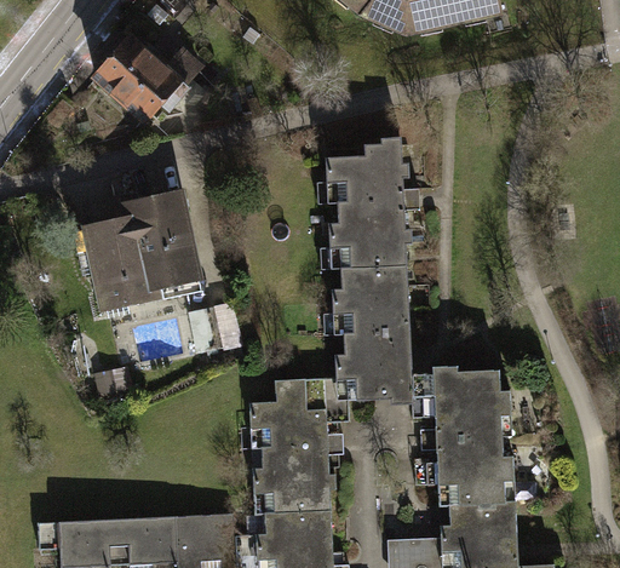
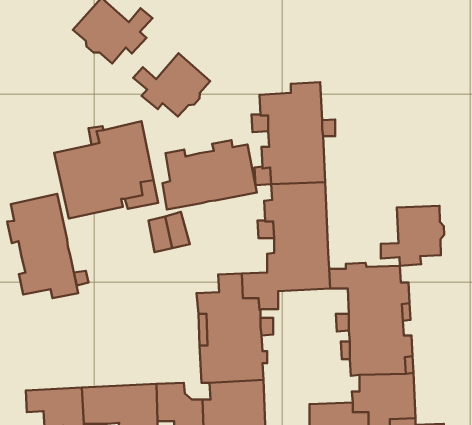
building: none -> [133,53,210,117]
building: none -> [162,140,257,209]
building: none -> [7,194,78,298]
building: none -> [381,206,444,266]

